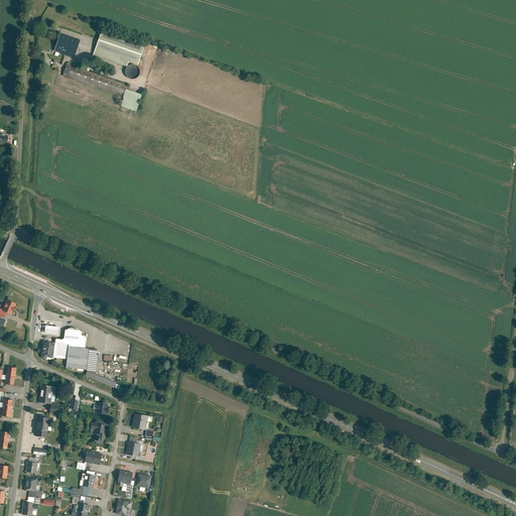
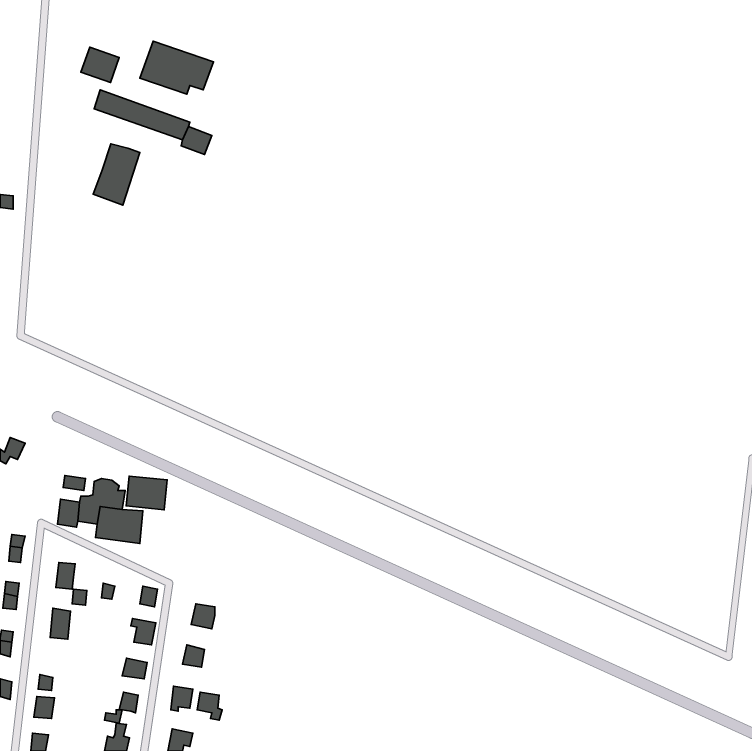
building: none -> [93,144,140,205]
building: none -> [126,476,167,510]

